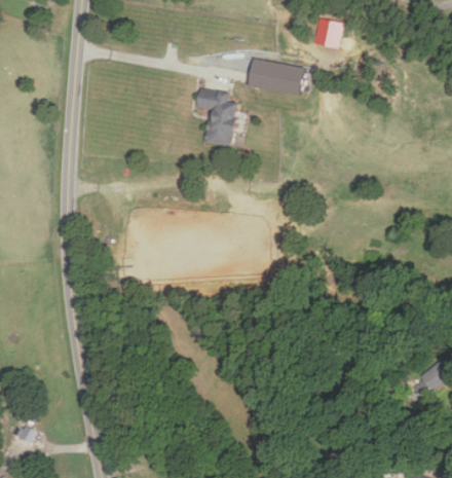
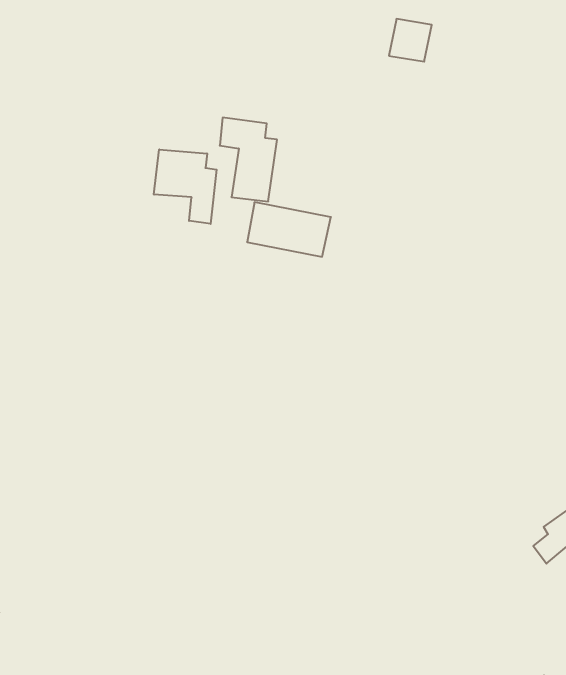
building: [249,58,307,96] -> [247,202,331,257]
building: none -> [154,149,217,224]

